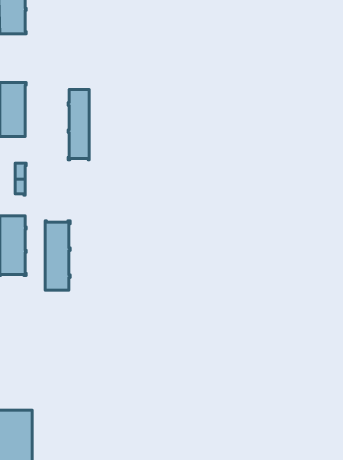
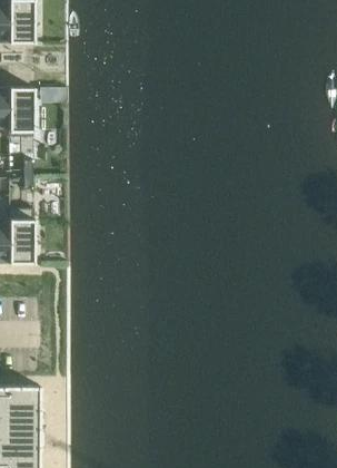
building: [68,90,89,160] -> none
building: [45,221,70,290] -> none

